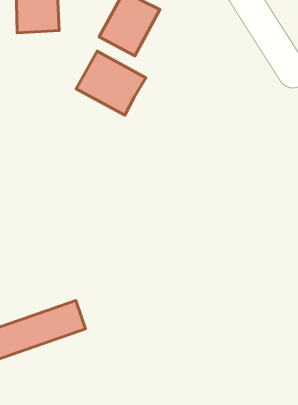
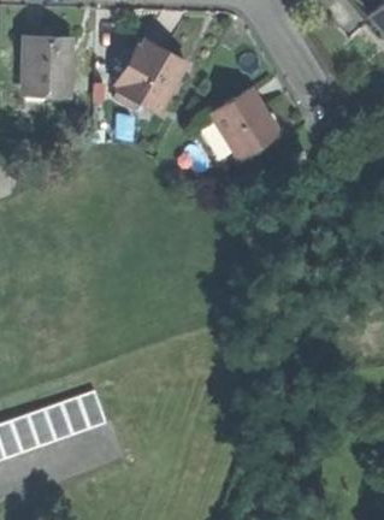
building: none -> [209,85,277,155]
building: [76,51,146,115] -> none

